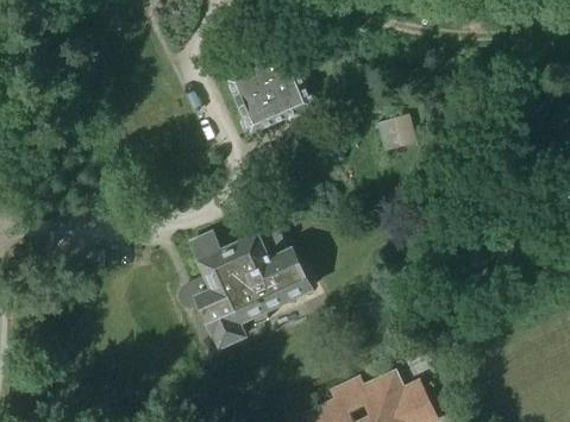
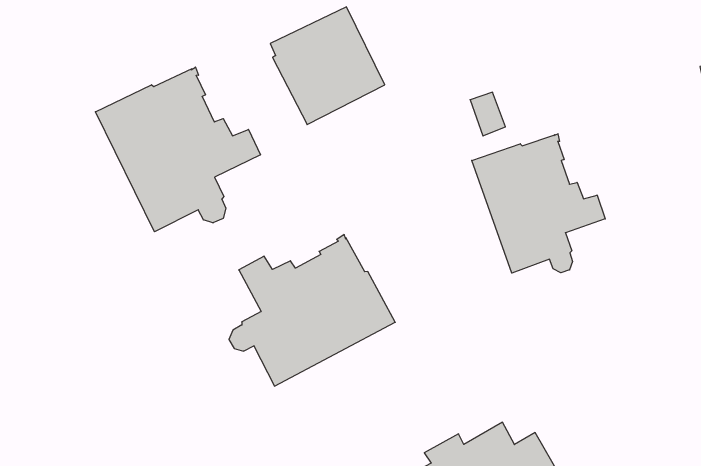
building: none -> [95,67,260,232]
building: none -> [472,134,605,273]

